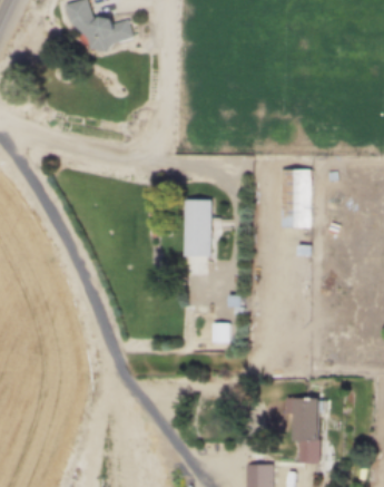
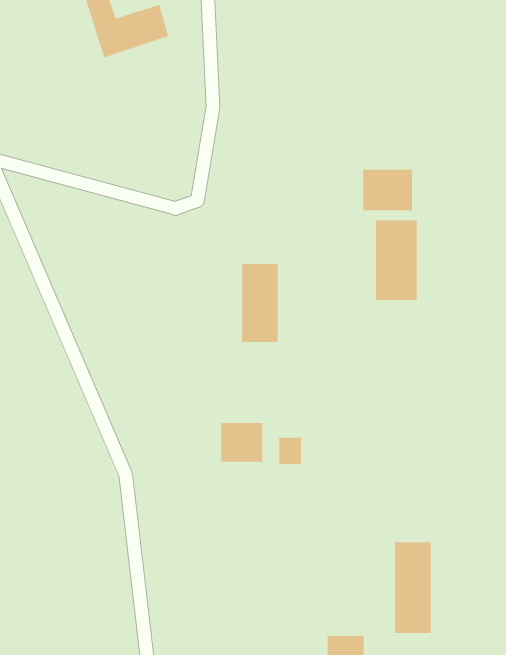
building: none -> [363,169,413,211]
building: none -> [220,422,263,463]

